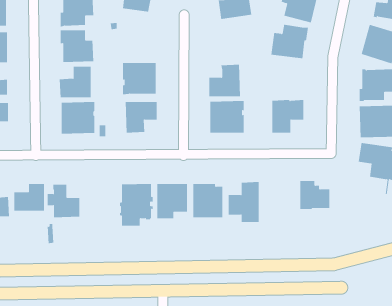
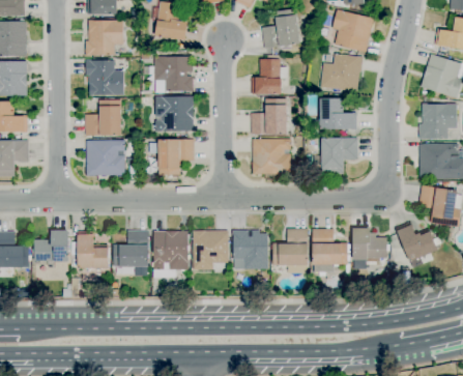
building: none -> [154,57,194,92]
building: none -> [252,59,288,95]
building: none -> [320,98,354,131]
building: none -> [397,223,441,269]
building: none -> [313,229,351,274]
building: none -> [114,231,149,277]

